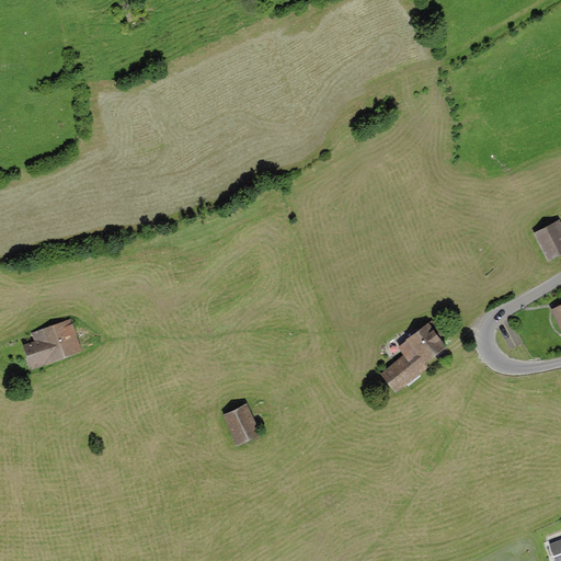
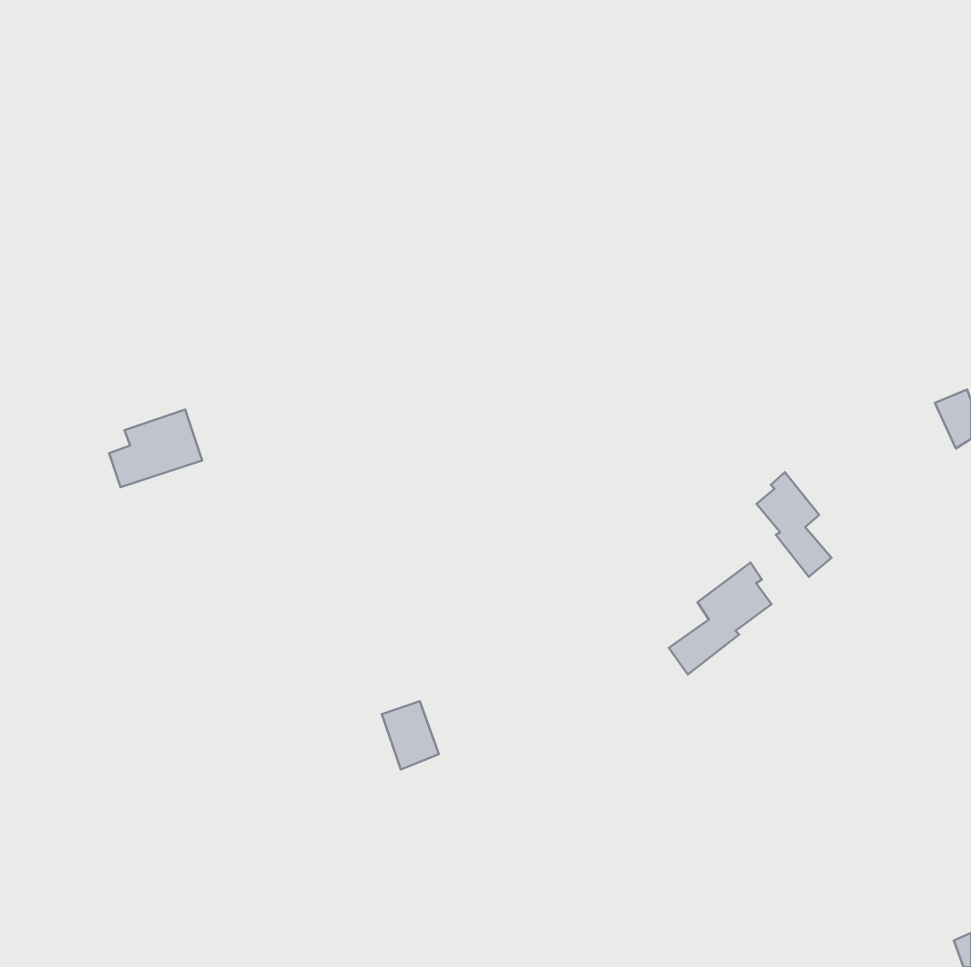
building: none -> [757,472,831,577]
building: [25,321,79,366] -> [109,409,202,487]

